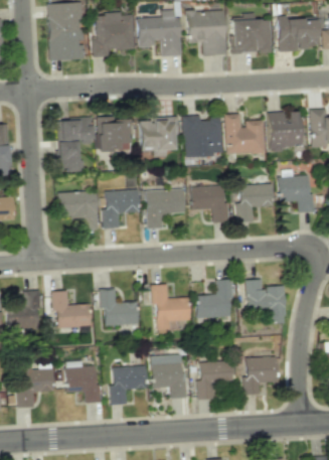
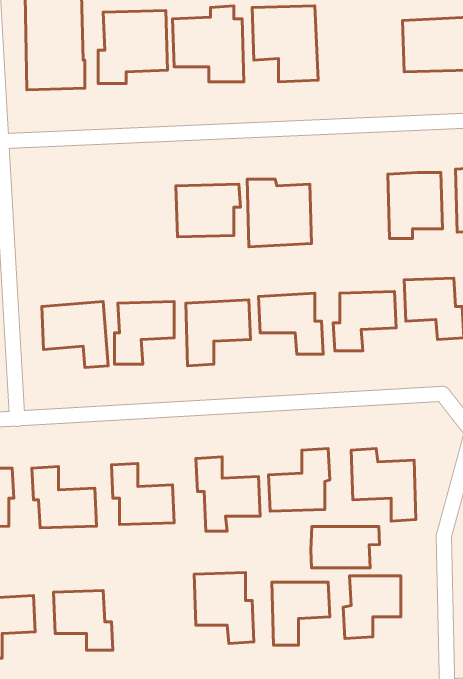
building: [231,13,271,53] -> none
building: [224,114,265,154] -> none
building: [58,119,94,172] -> none
building: [98,121,130,151] -> none
building: none -> [311,527,380,568]
building: [112,366,147,405] -> none

